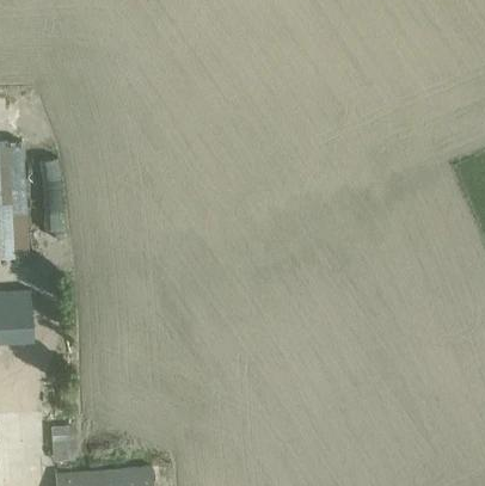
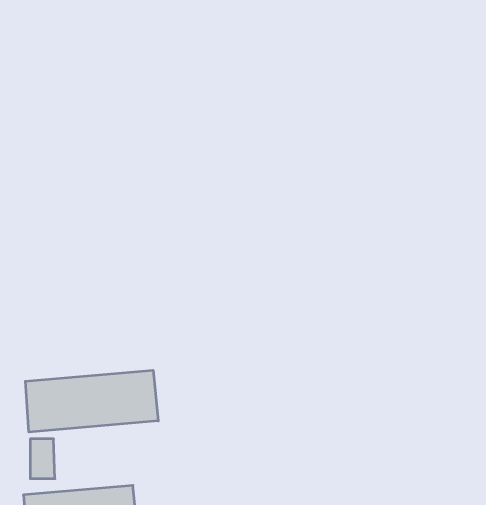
building: none -> [25,370,158,432]

